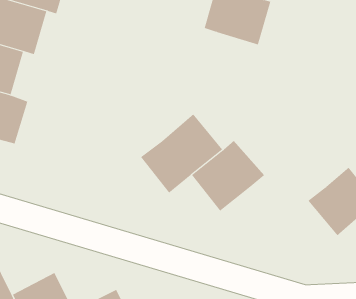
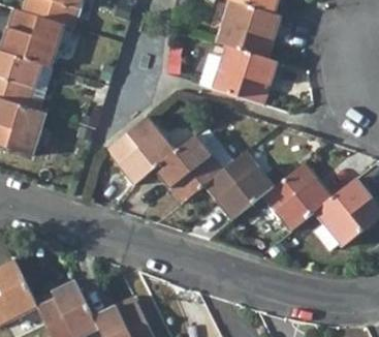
building: none -> [203,47,281,108]
building: none -> [106,116,177,184]
building: none -> [263,161,336,231]

